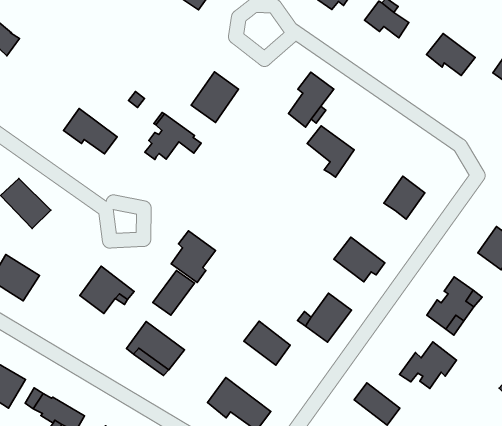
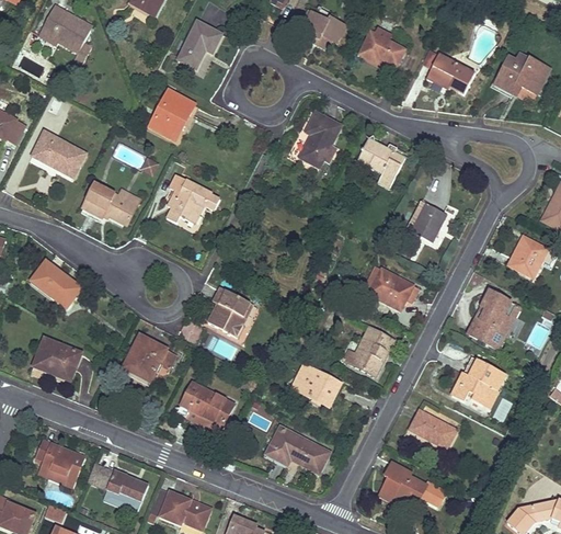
building: none -> [32,132,85,175]
building: [191,72,239,122] -> [150,89,194,138]
building: [307,126,354,177] -> [357,138,404,186]
building: [153,271,195,315] -> none

